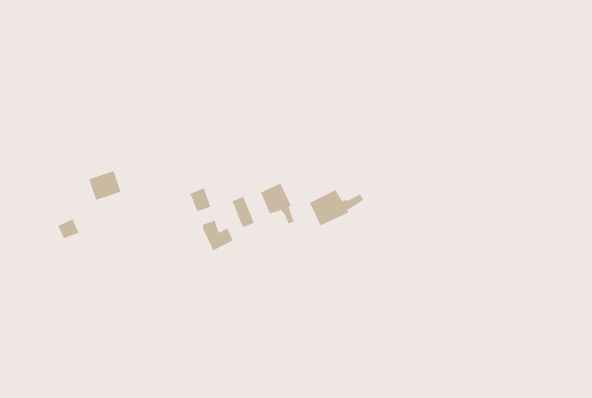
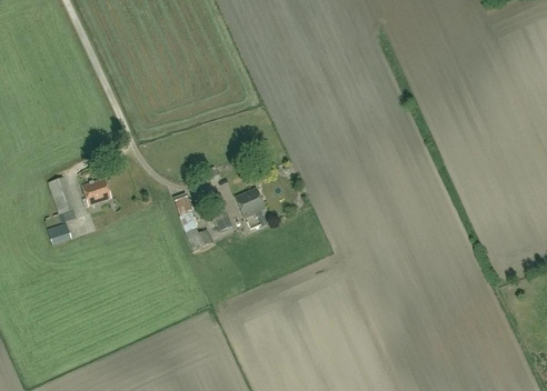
building: none -> [49,178,74,214]
building: [309,189,364,226] -> none

